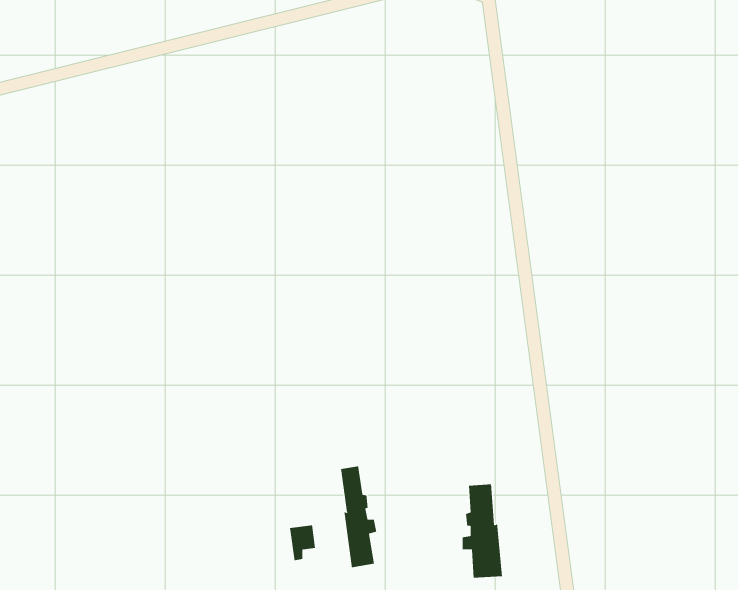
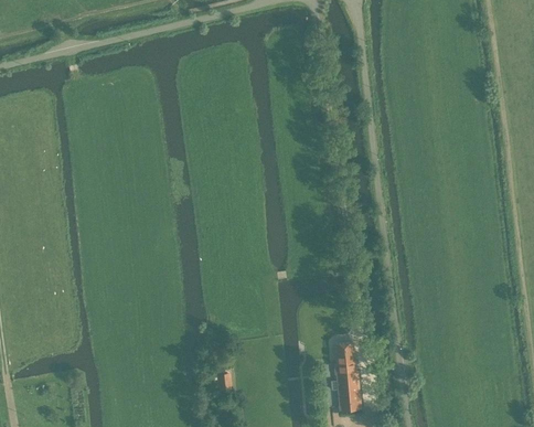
building: [340,466,377,568] -> none

